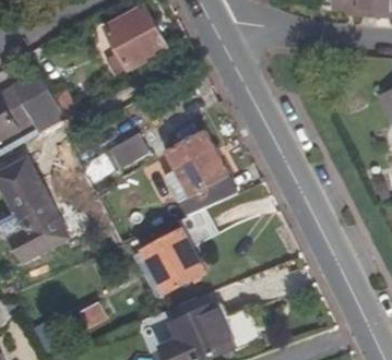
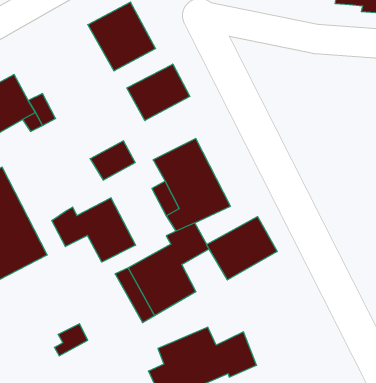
building: none -> [127,64,190,121]
building: none -> [52,198,136,262]
building: none -> [207,217,277,280]

